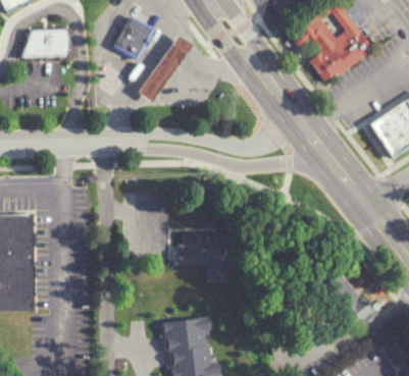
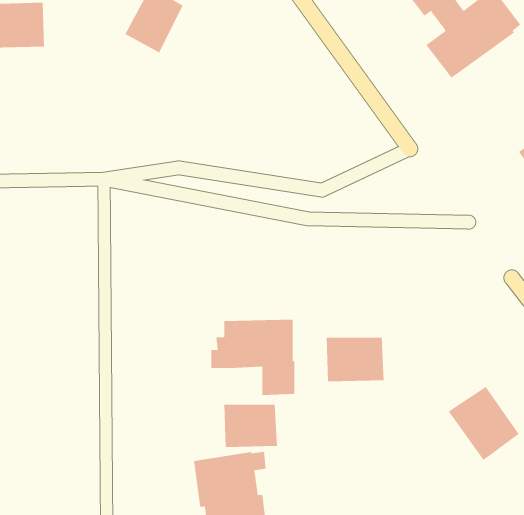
building: [142,37,196,103] -> none
building: none -> [326,337,384,382]
building: none -> [224,404,277,448]

